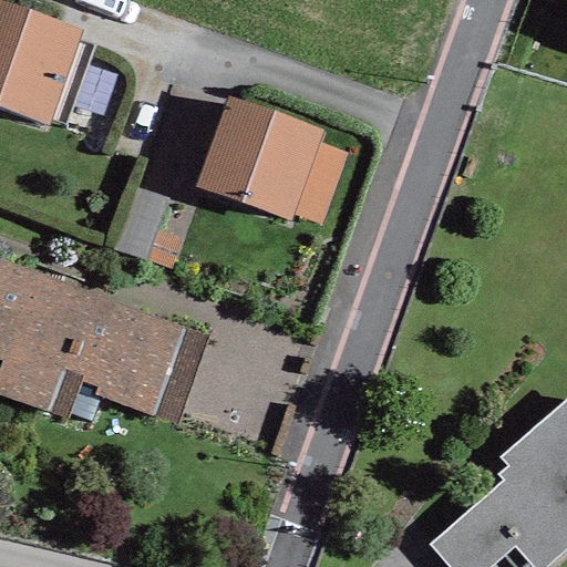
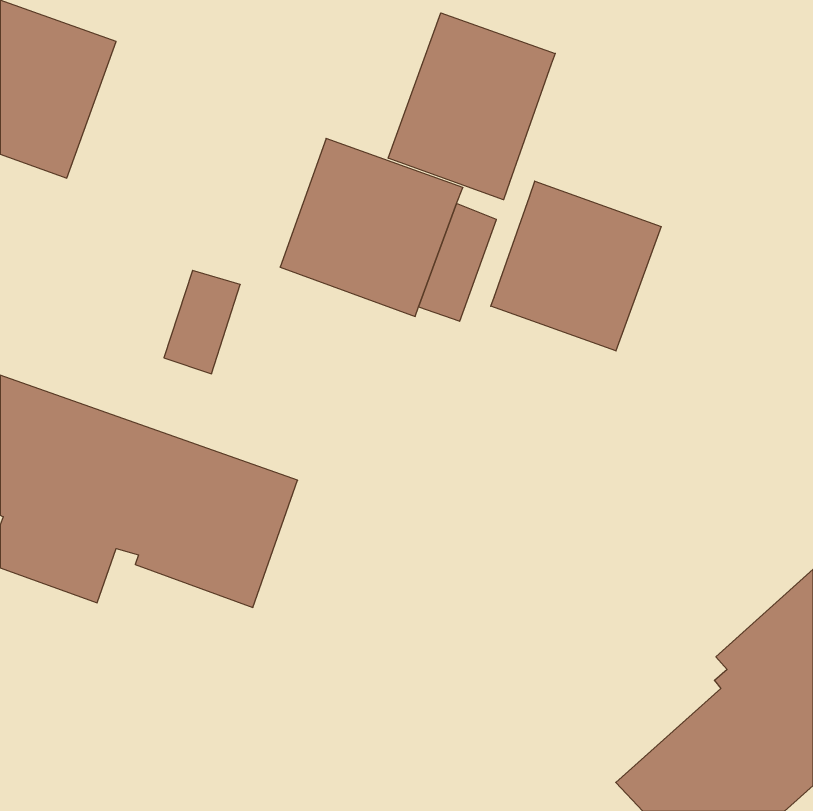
building: none -> [388,13,555,200]
building: none -> [491,181,661,351]

